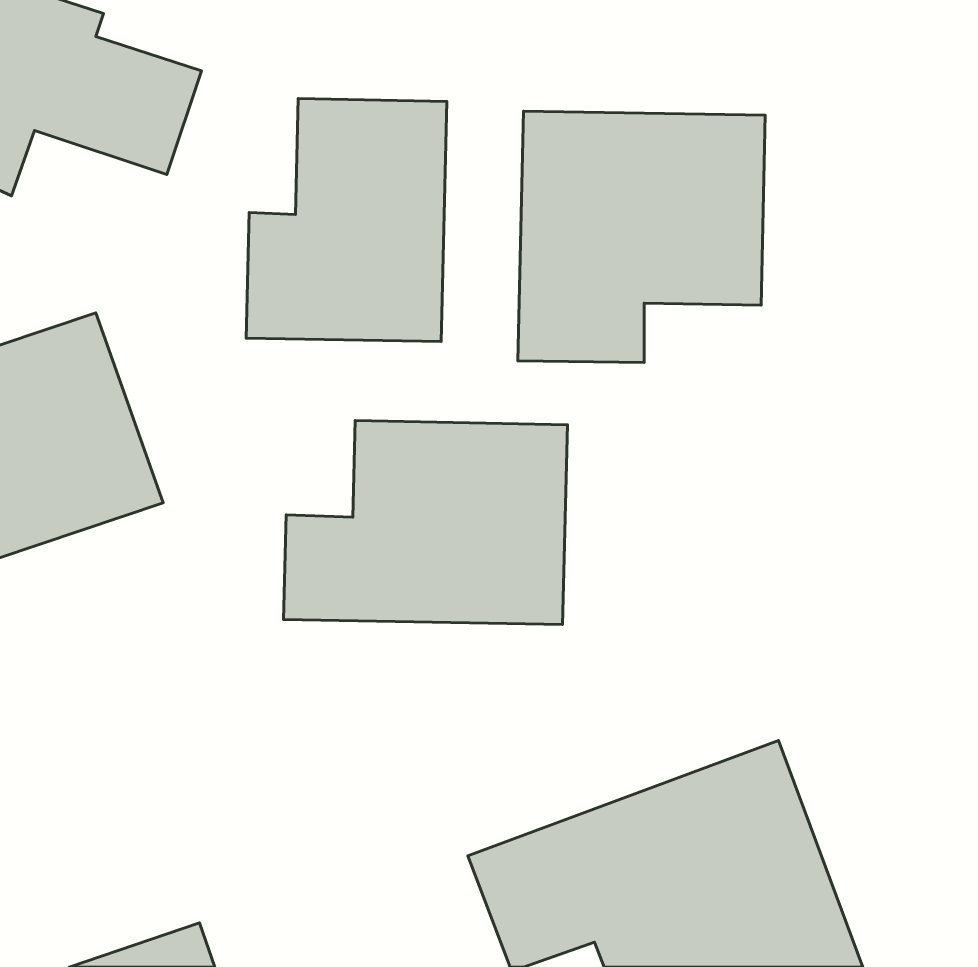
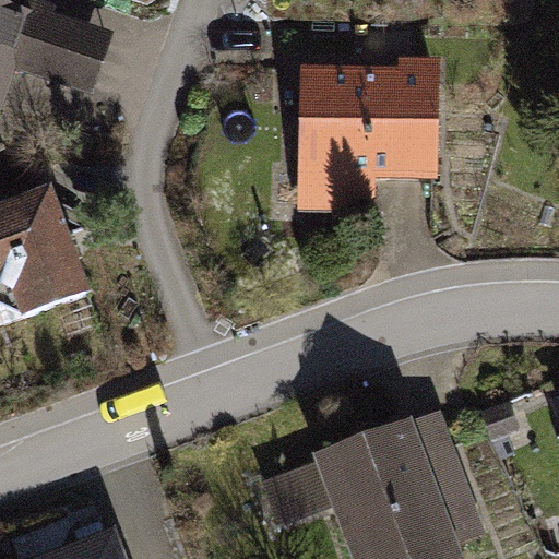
building: [246,98,447,341] -> none
building: [283,421,568,624] -> none

